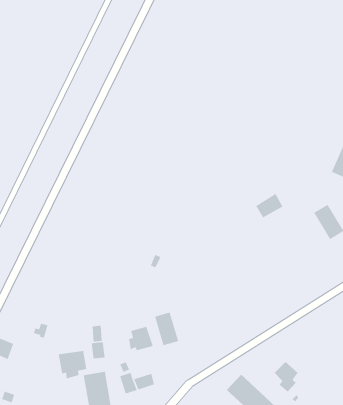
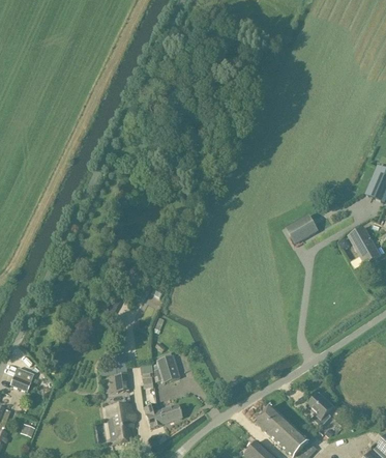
building: [154,311,179,346] -> none
building: [58,350,87,380] -> none

